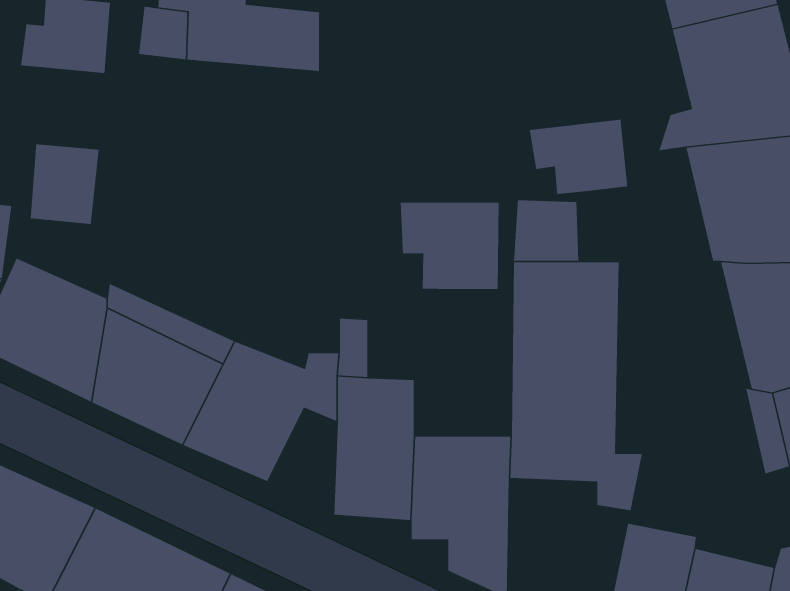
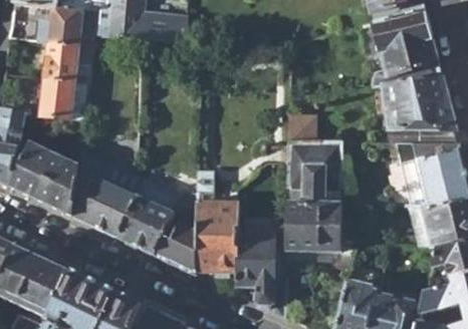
building: none -> [41,41,77,83]
building: [529,119,628,195] -> none
building: [400,202,499,290] -> none
building: none -> [162,218,198,273]

